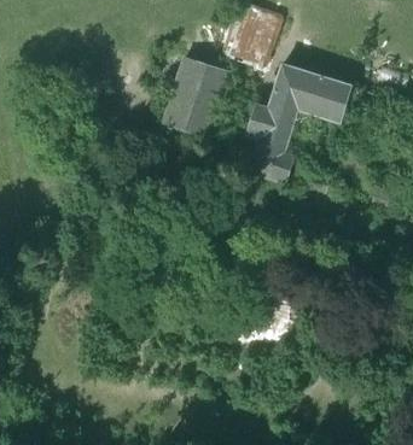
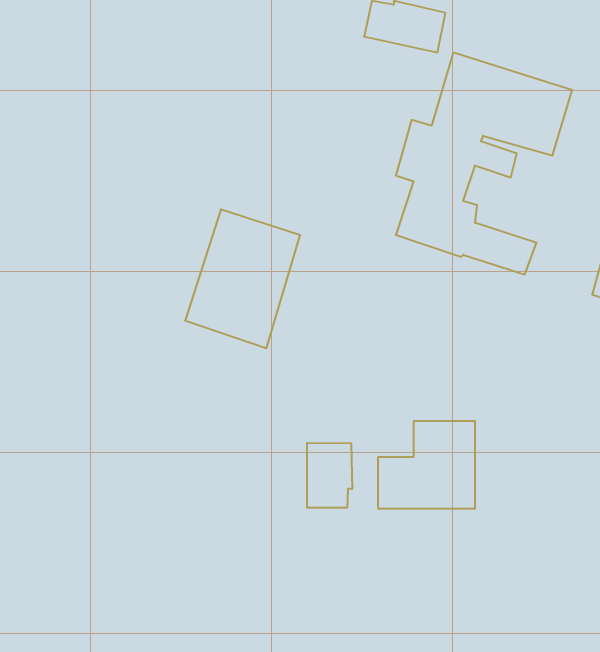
building: [161,55,231,140] -> [185,209,300,348]
building: none -> [307,443,352,508]

